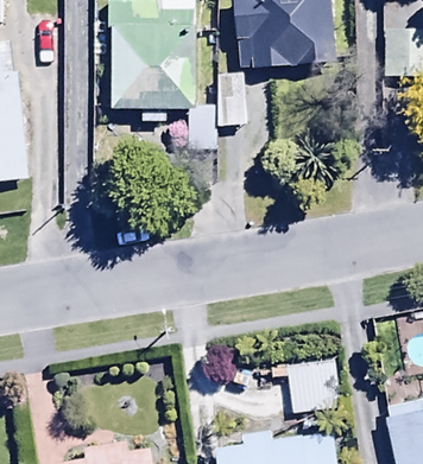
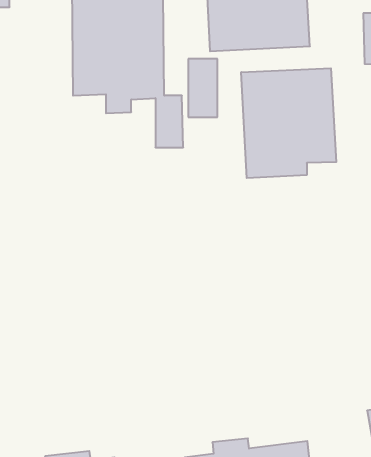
building: none -> [241,68,336,178]
building: [289,361,339,414] -> none

